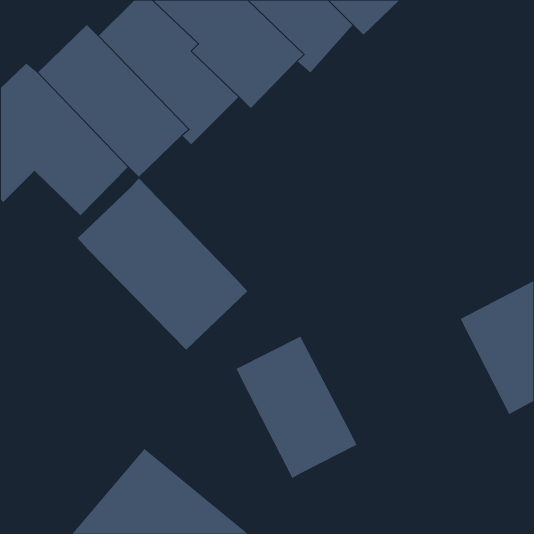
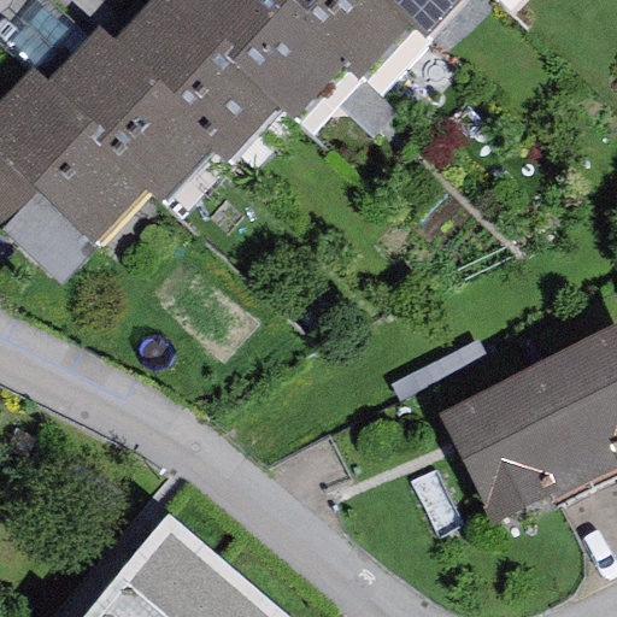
building: [77,178,248,350] -> none
building: none -> [434,368,587,527]
building: [236,336,357,479] -> none

